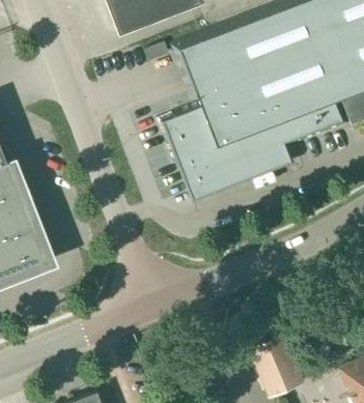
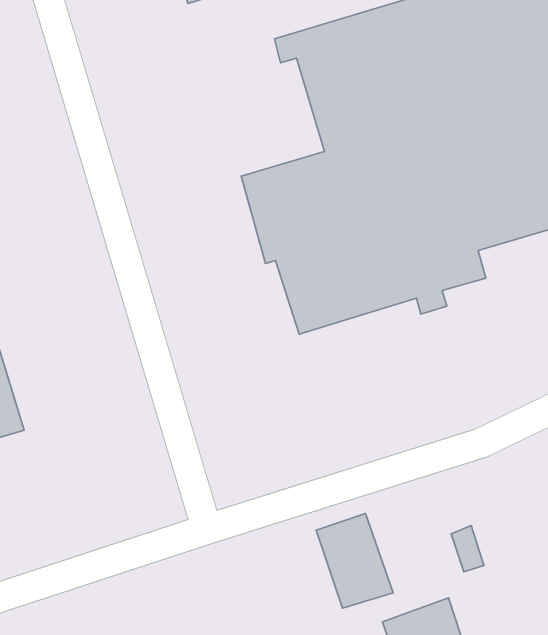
building: none -> [316,513,393,608]

